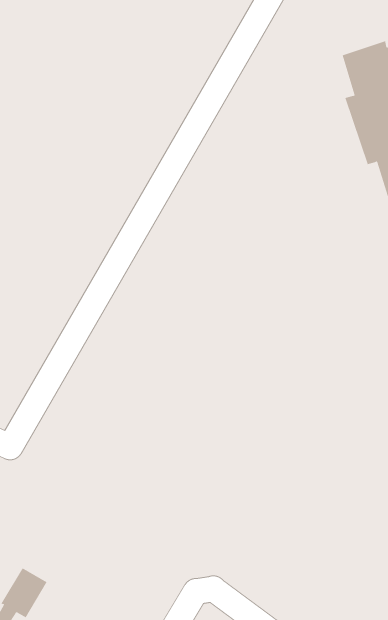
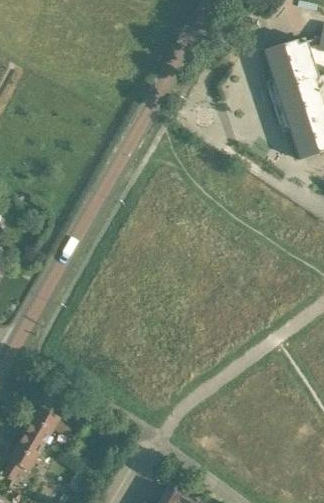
building: none -> [24,406,72,444]

